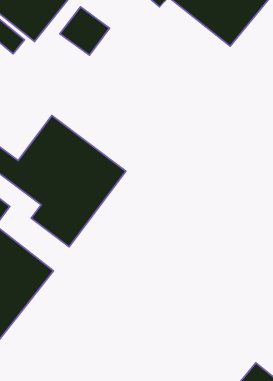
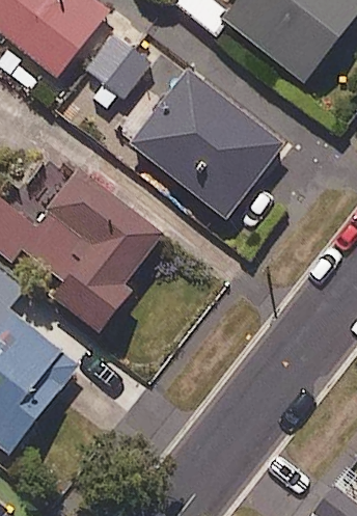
building: none -> [130,71,281,218]

